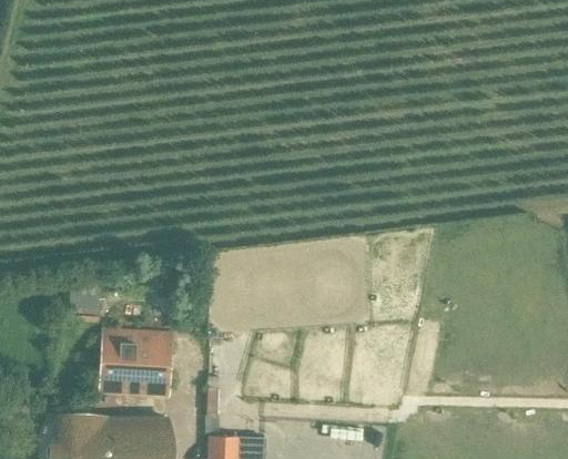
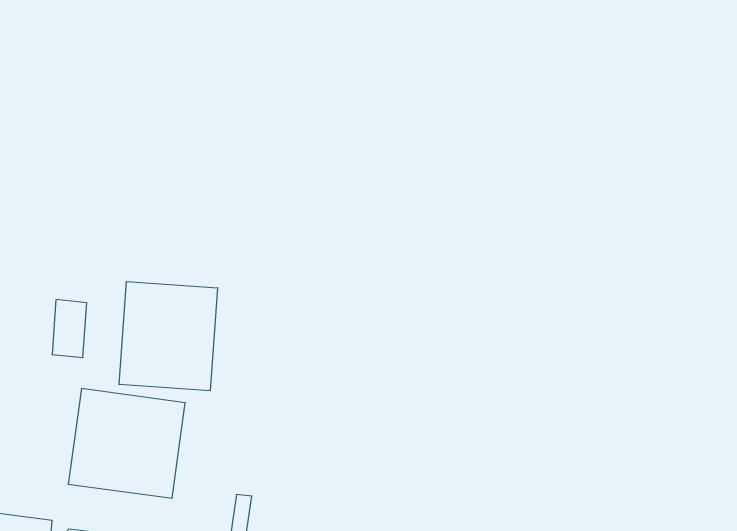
building: none -> [119,281,218,391]

